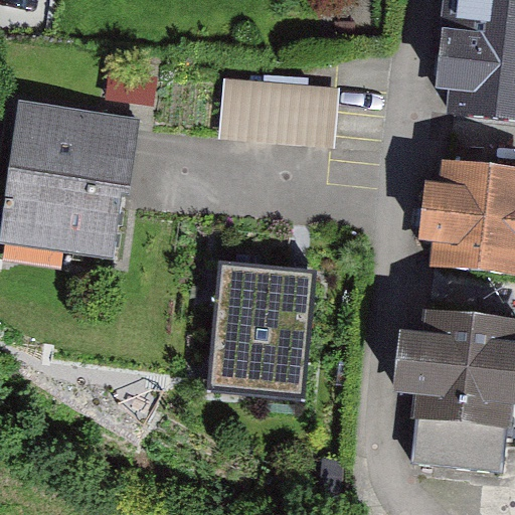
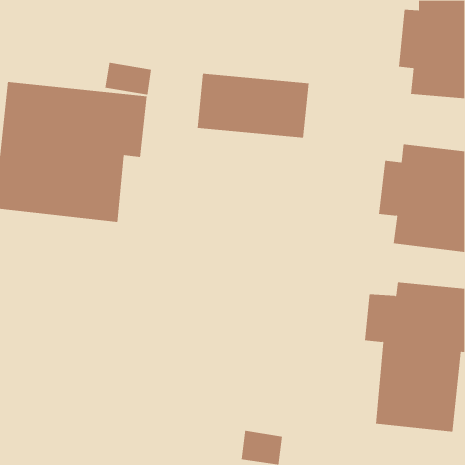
building: [207,264,321,391] -> none

